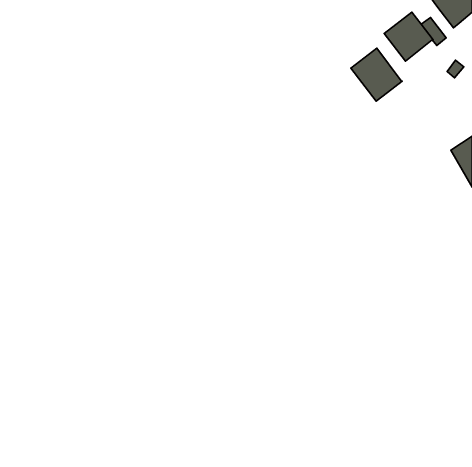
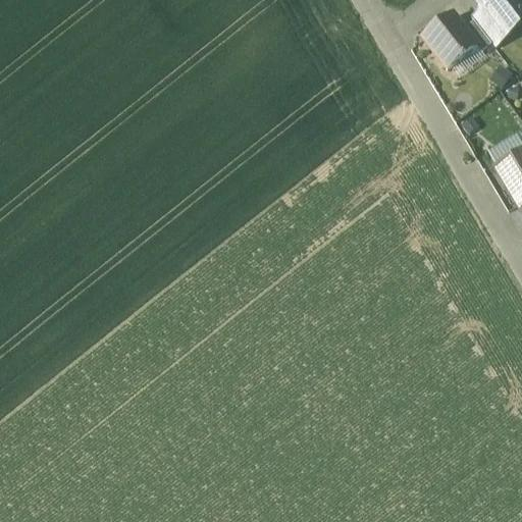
building: none -> [471,8,510,45]
building: [351,48,402,101] -> none

